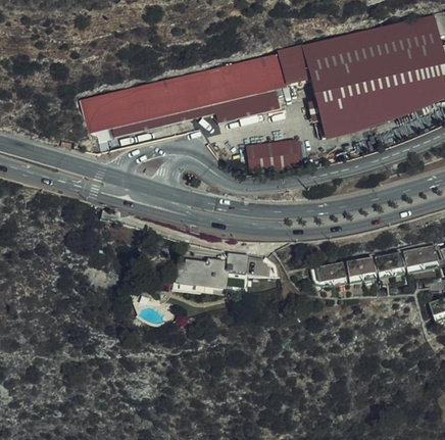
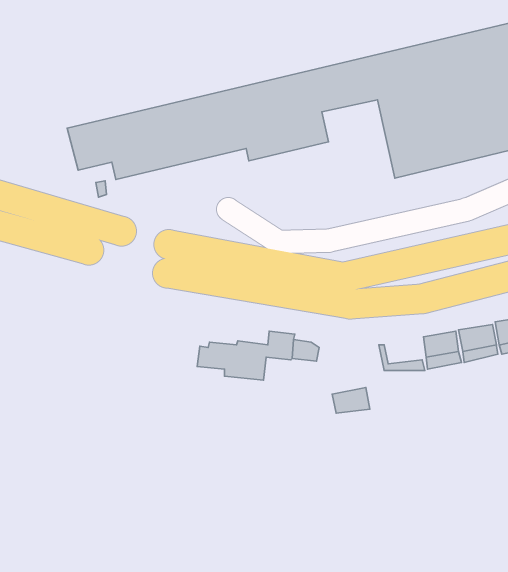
building: [247,140,301,174] -> none
building: [318,257,347,277] -> [332,388,370,413]

